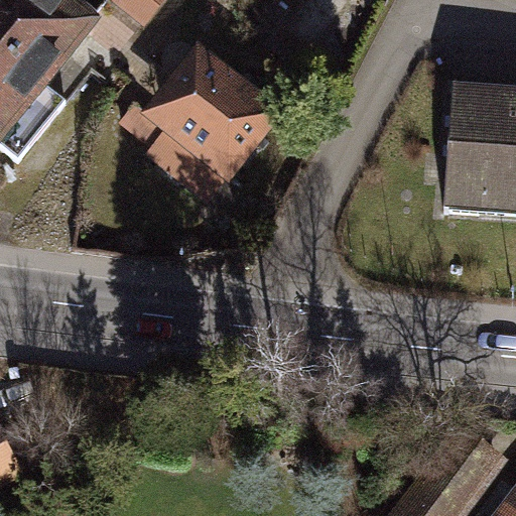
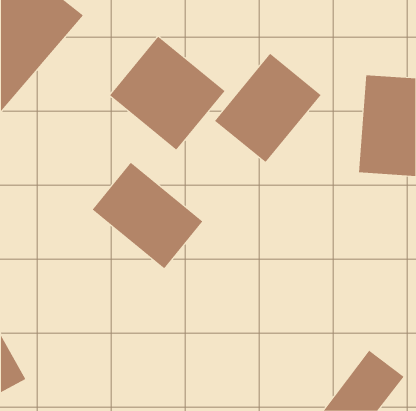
building: none -> [214,53,321,163]
building: none -> [92,162,203,269]

